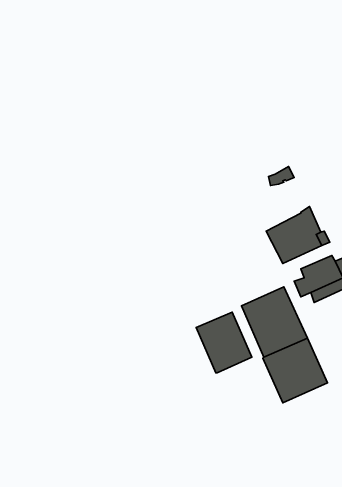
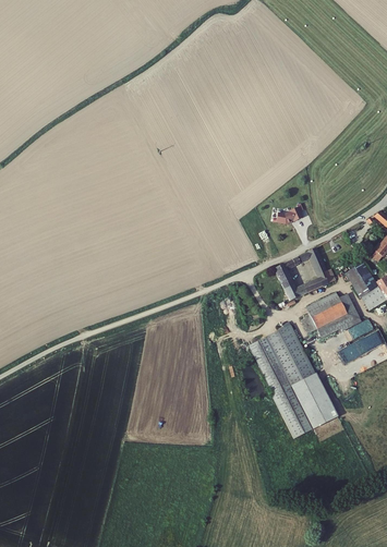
building: [196,312,252,373] -> none

